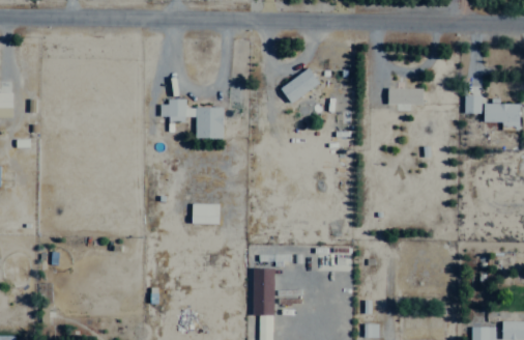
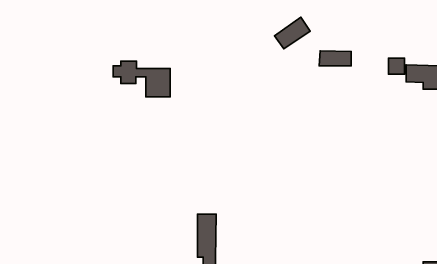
building: [281,68,320,104] -> [275,17,310,49]
building: [193,204,220,225] -> none

